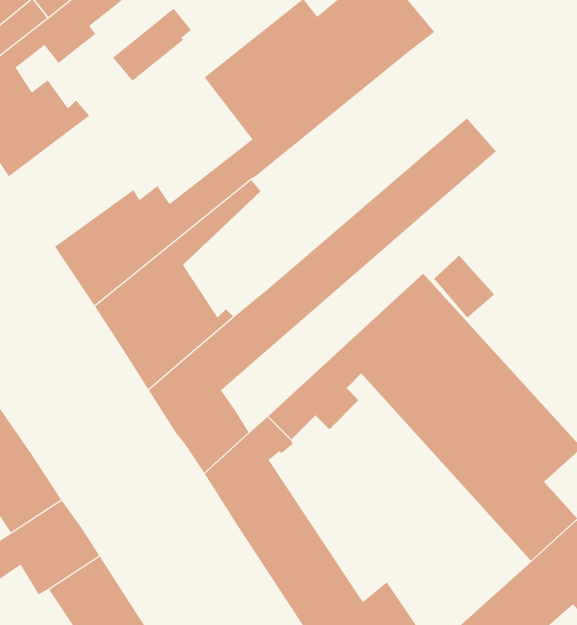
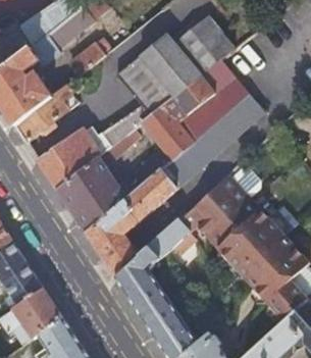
building: none -> [138,60,250,182]
building: none -> [15,85,81,143]

